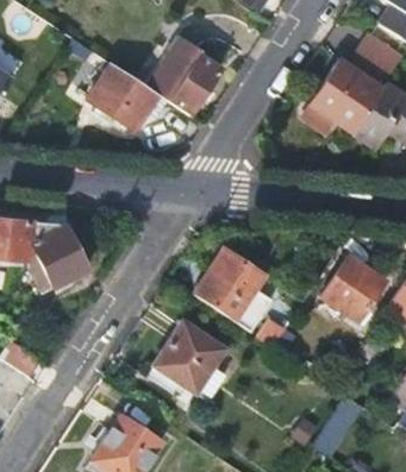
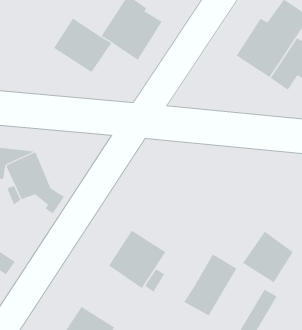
building: [195,251,264,322] -> none
building: [321,257,385,321] -> [242,231,293,283]
building: none -> [184,254,237,316]

